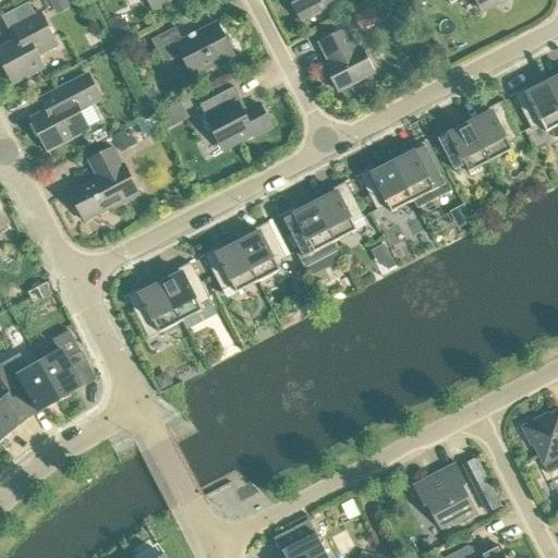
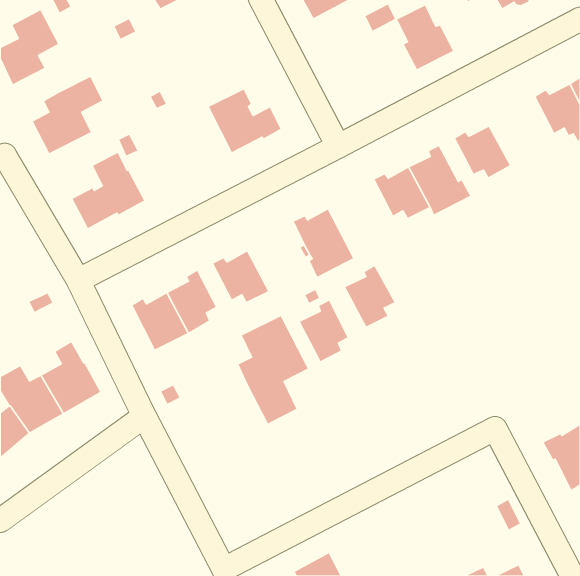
building: [150,21,233,75] -> none
building: [318,26,374,89] -> [396,5,454,70]
building: [470,99,519,159] -> none
building: [315,180,364,240] -> [344,265,395,327]
building: [238,220,286,280] -> [299,300,349,362]
building: none -> [238,315,309,425]
building: [412,460,477,531] -> none

